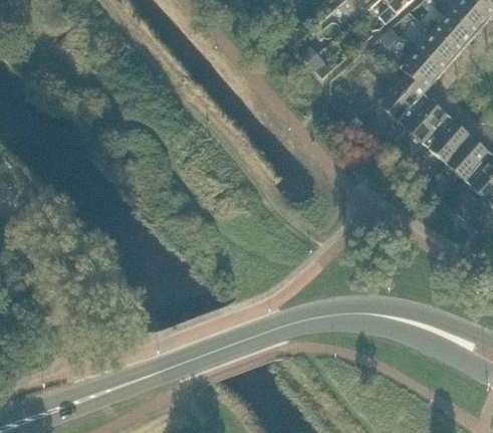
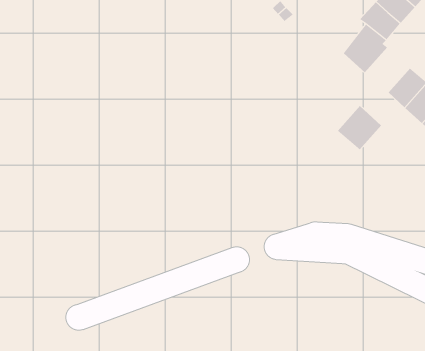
building: [404,97,453,147] -> [337,105,382,150]

